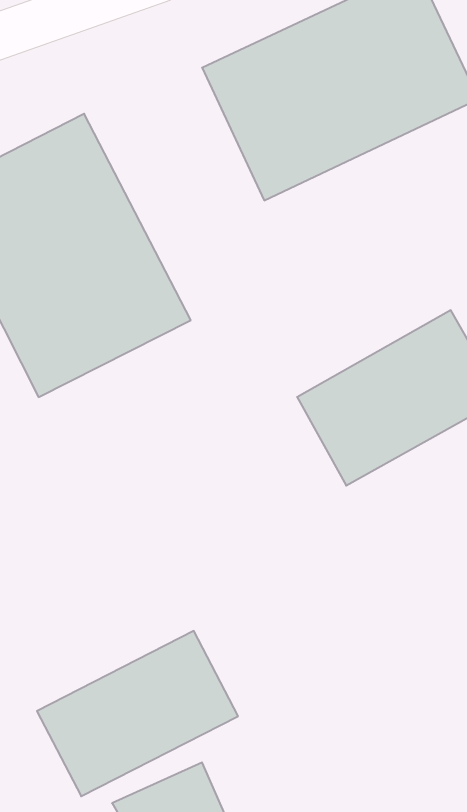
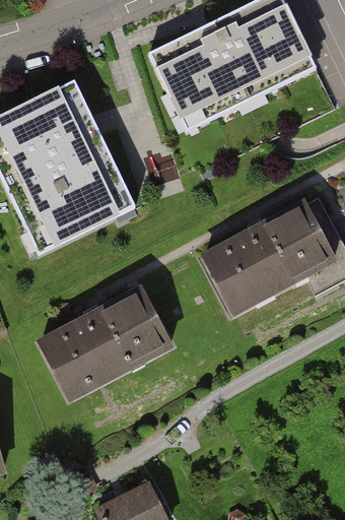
building: [37,631,238,796] -> [45,289,169,392]

